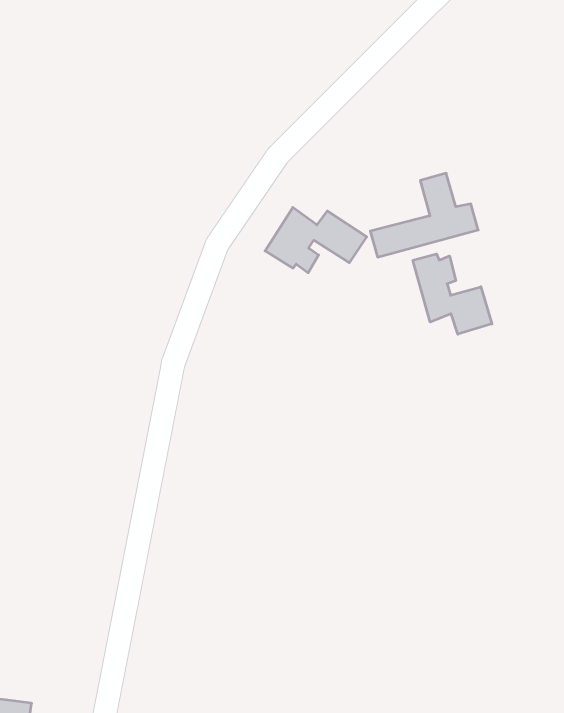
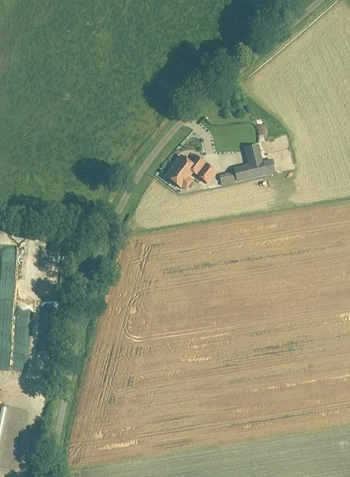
building: [413,254,492,334] -> none

